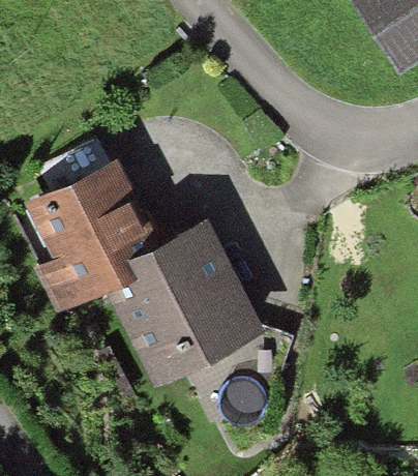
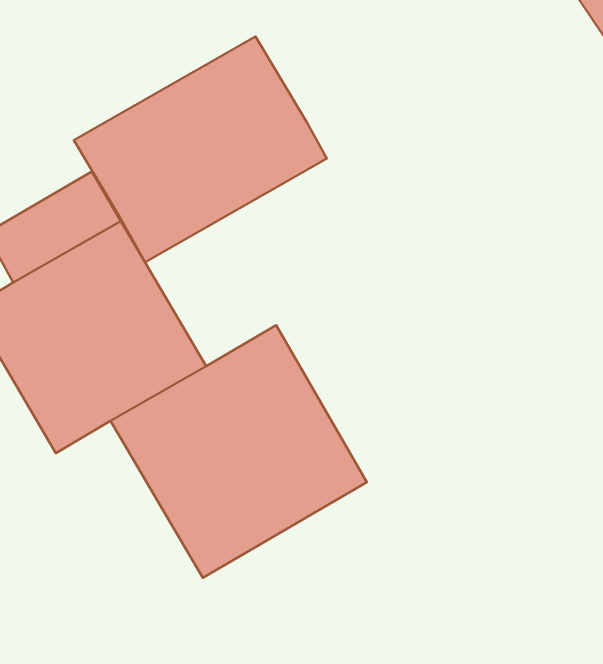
building: none -> [74,36,327,262]

